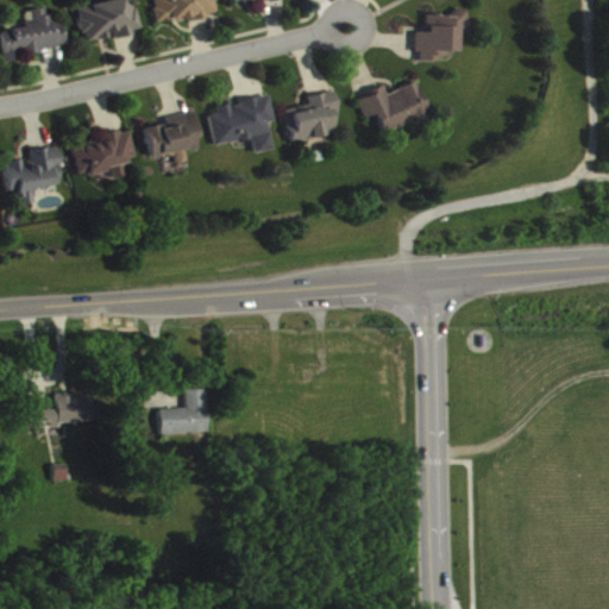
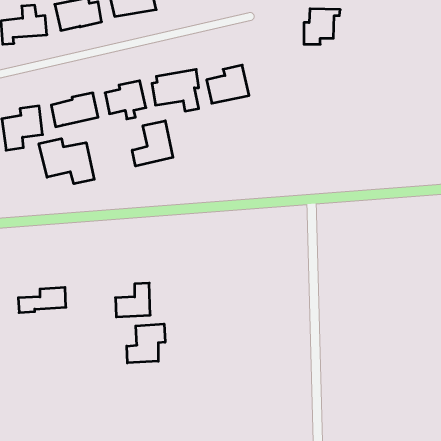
building: [356,81,428,132] -> none
building: none -> [132,121,173,166]
building: none -> [39,139,94,184]
building: none -> [127,324,165,363]

